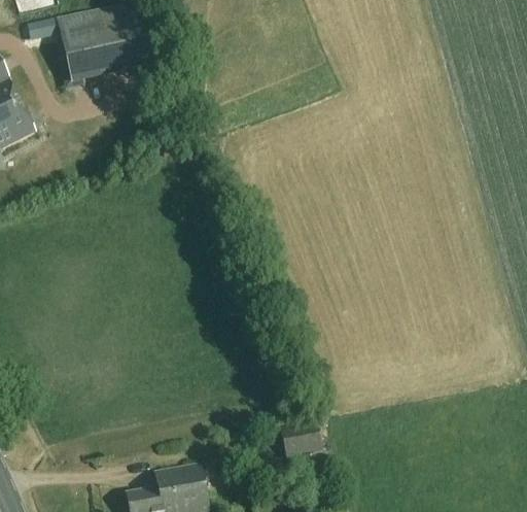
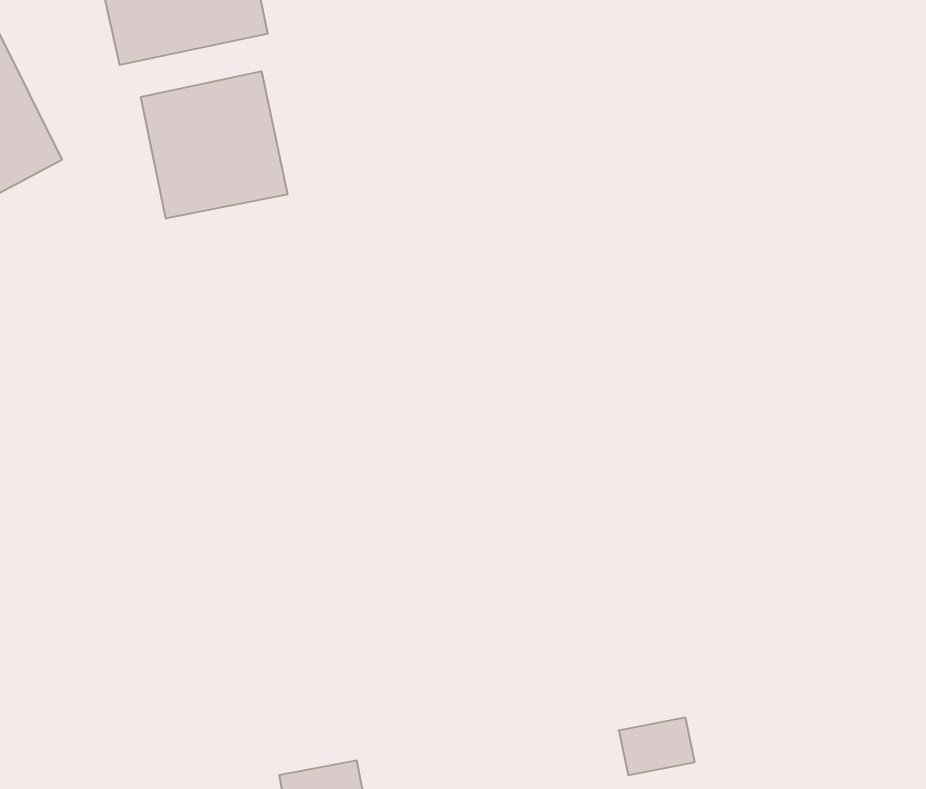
building: none -> [141,71,287,219]
building: [278,426,320,458] -> [619,718,695,775]

